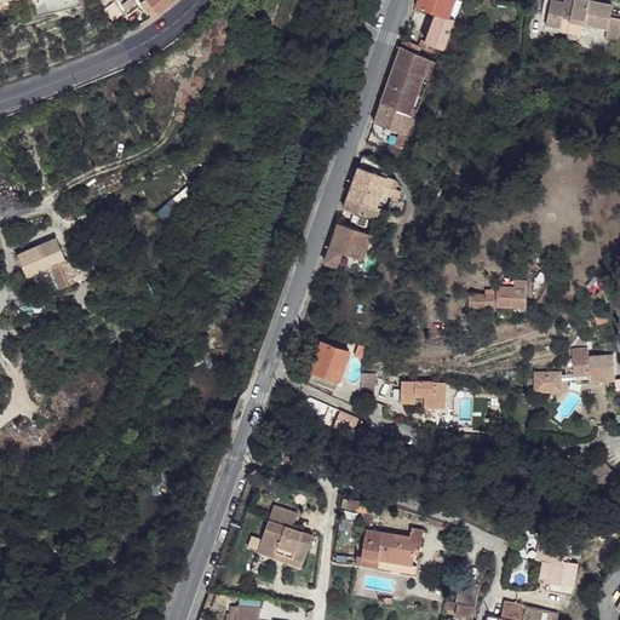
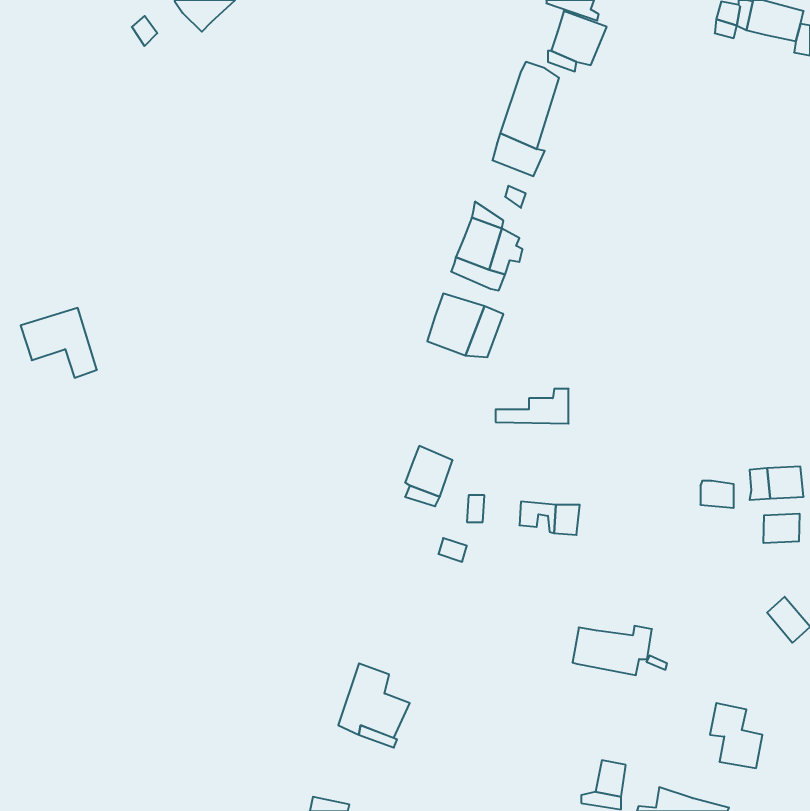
building: [467,277,523,304] -> [496,389,569,424]
building: none -> [764,514,799,543]
building: [362,527,423,564] -> [572,626,652,675]

